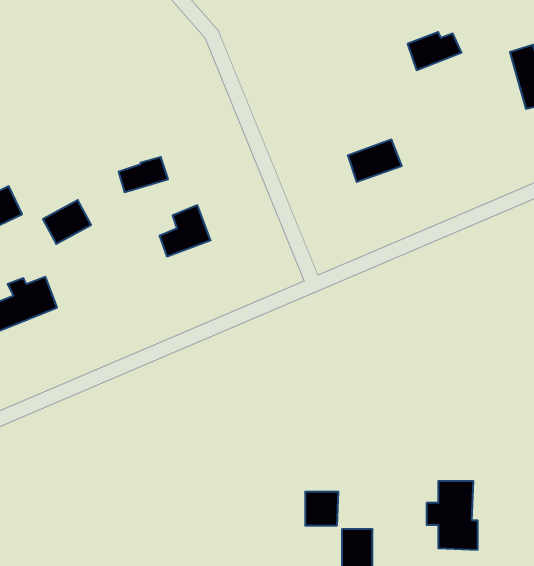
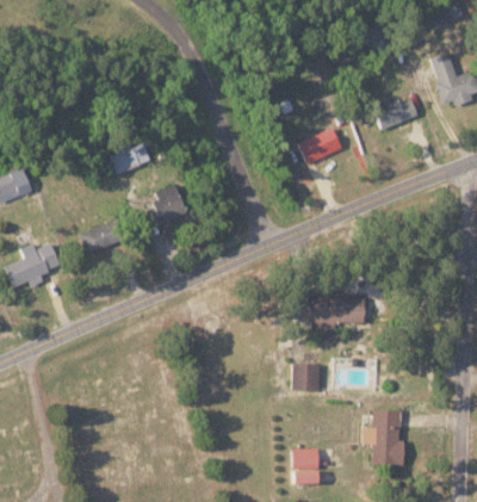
building: [408,32,462,70] -> [374,100,419,131]
building: [43,200,91,244] -> [80,219,119,255]
building: none -> [308,295,365,329]
building: [305,492,339,525] -> [292,362,320,390]

